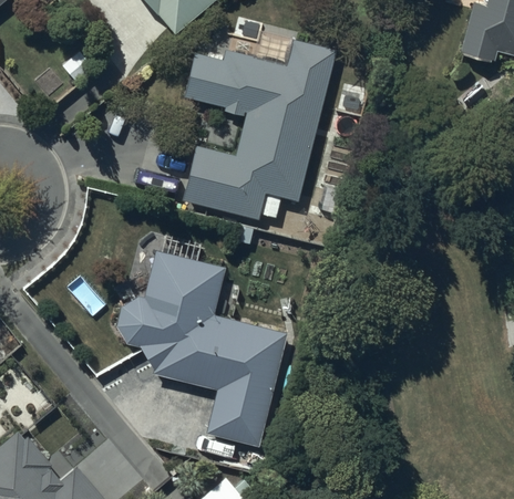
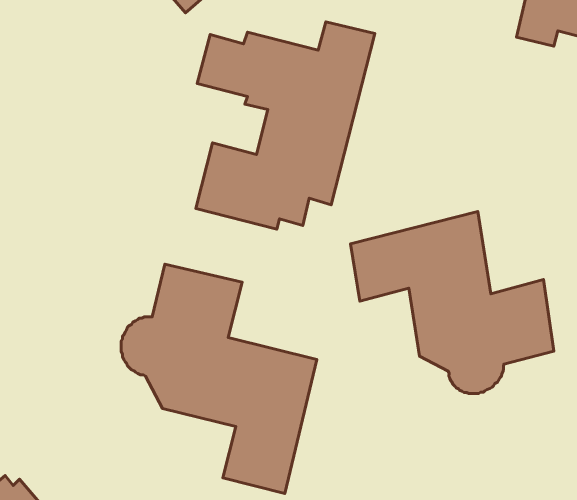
building: none -> [350,211,554,394]

